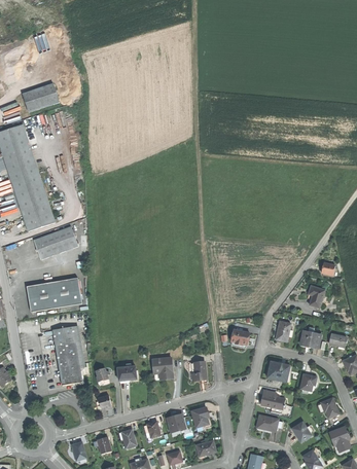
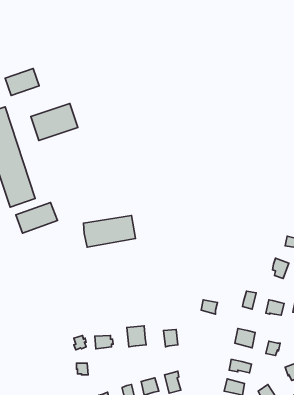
building: none -> [31,104,78,141]
building: [27,279,82,313] -> [83,215,135,247]
building: [53,327,82,386] -> none

